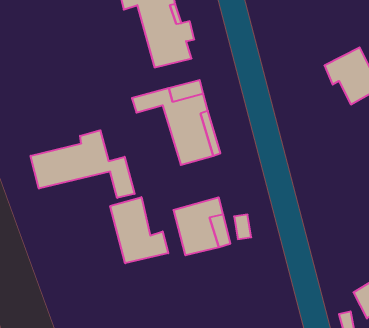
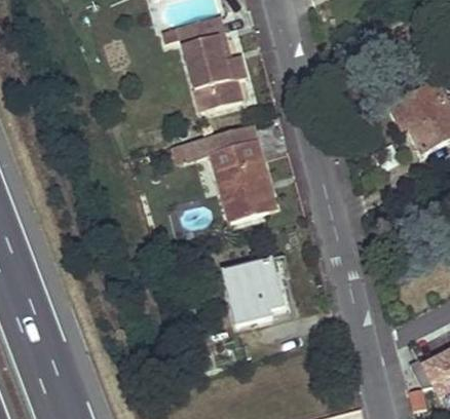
building: [31,130,135,198] -> none
building: [110,197,168,263] -> none

